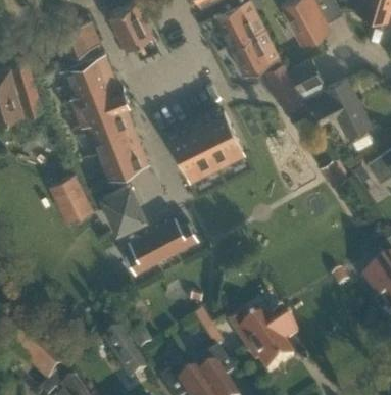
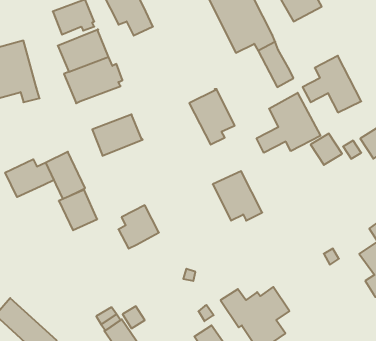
building: [287,62,322,95] -> none
building: [87,111,139,155] -> none
building: none -> [257,93,320,153]
building: [168,129,218,179] -> [213,171,262,221]
building: none -> [5,159,54,197]
building: [104,189,143,230] -> [59,190,97,230]
building: [152,219,198,259] -> none

